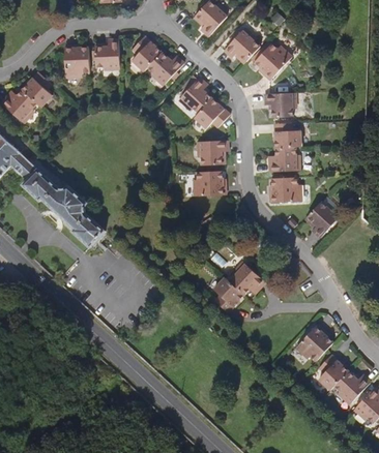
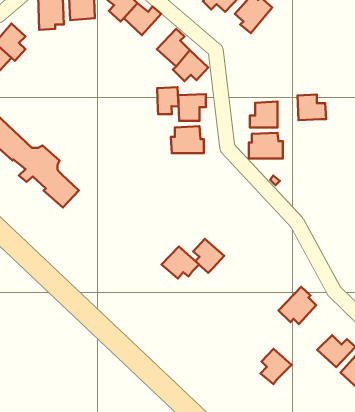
building: [265,93,293,118] -> none
building: [273,122,301,147] -> [297,95,326,120]
building: none -> [157,87,179,114]
building: [307,201,340,238] -> none
building: [229,264,265,295] -> [162,246,199,279]
building: [319,356,349,390] -> [261,349,292,384]

